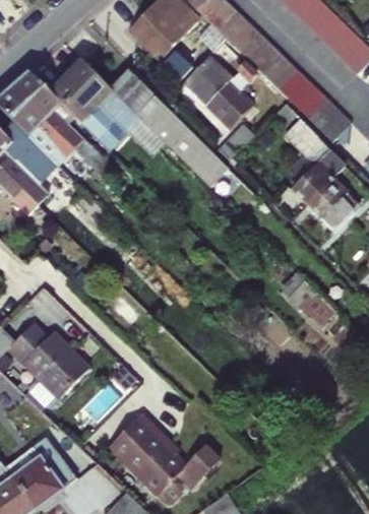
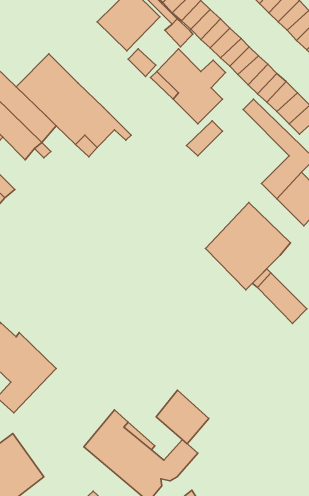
building: [110,70,228,187] -> none
building: none -> [205,203,291,290]
building: none -> [156,390,209,444]

